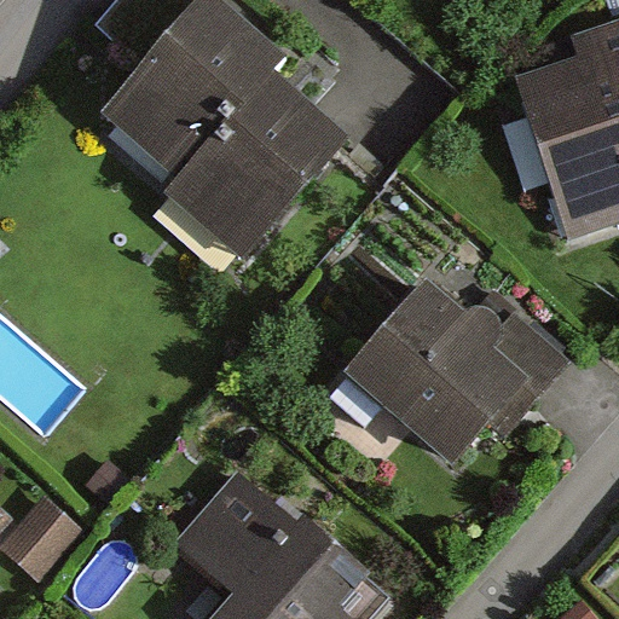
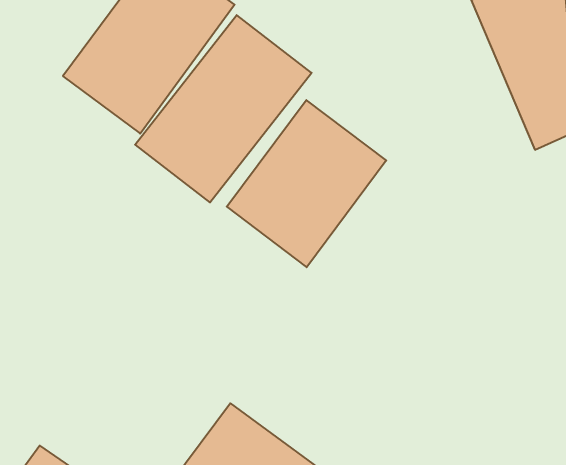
building: none -> [227,100,386,267]
building: [347,290,533,474] -> none

